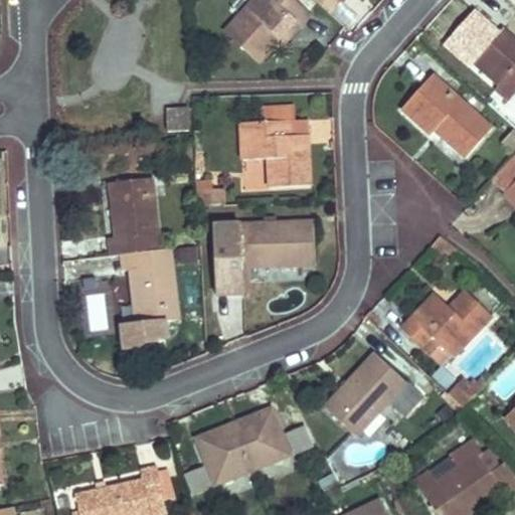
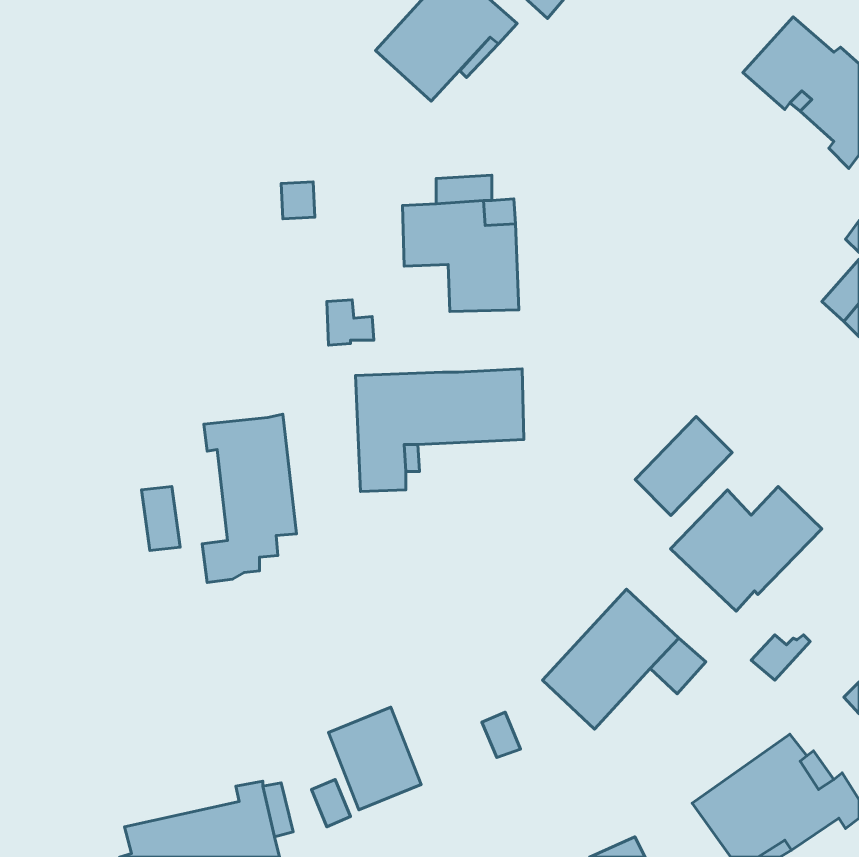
building: [401,74,492,158] -> none
building: [110,178,160,254] -> none
building: none -> [635,417,732,515]
building: [233,407,290,469] -> none

